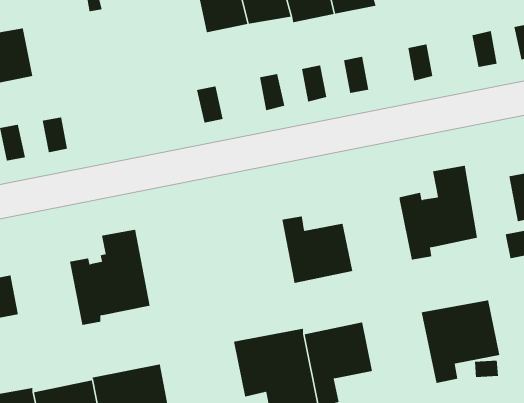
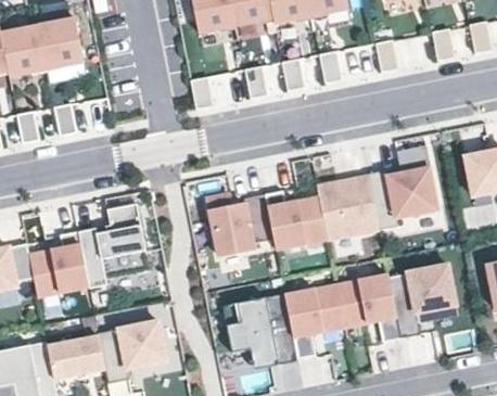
building: none -> [37,18,82,68]
building: none -> [316,177,378,240]
building: none -> [206,194,272,256]
building: none -> [28,231,88,296]
building: none -> [335,274,399,342]

